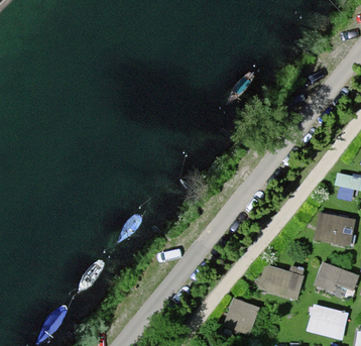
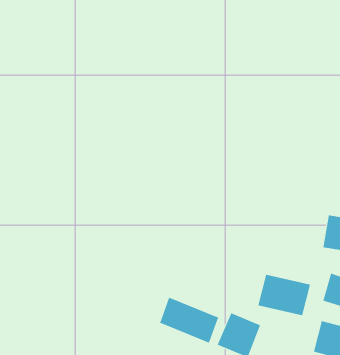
building: none -> [159,297,219,344]

